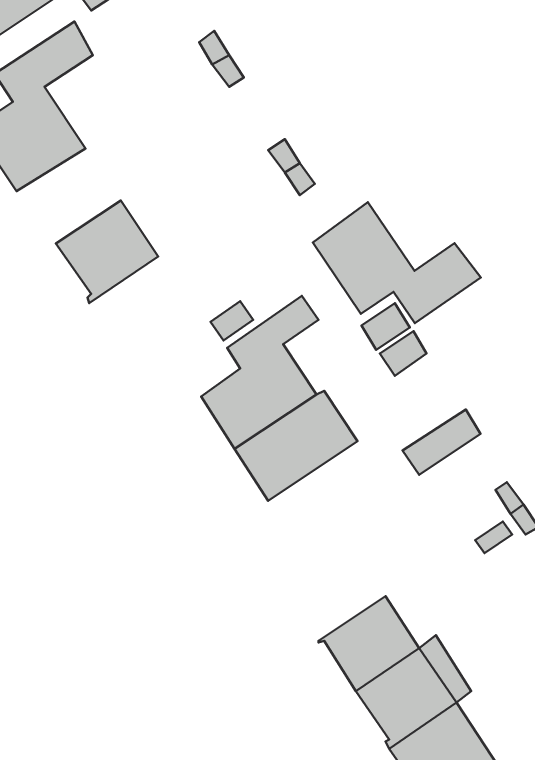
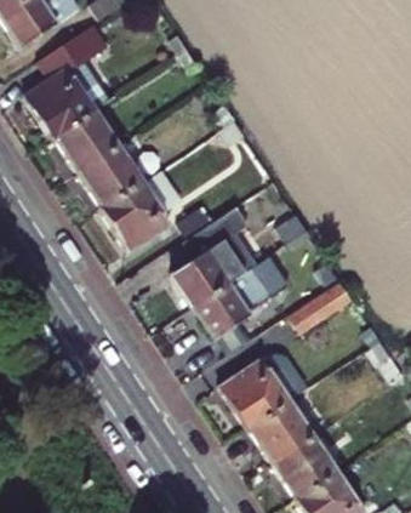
building: none -> [52,109,120,171]
building: [313,202,481,323] -> none
building: none -> [99,179,171,250]
building: none -> [219,357,292,429]

